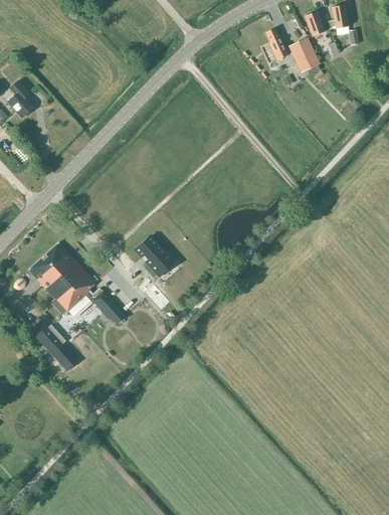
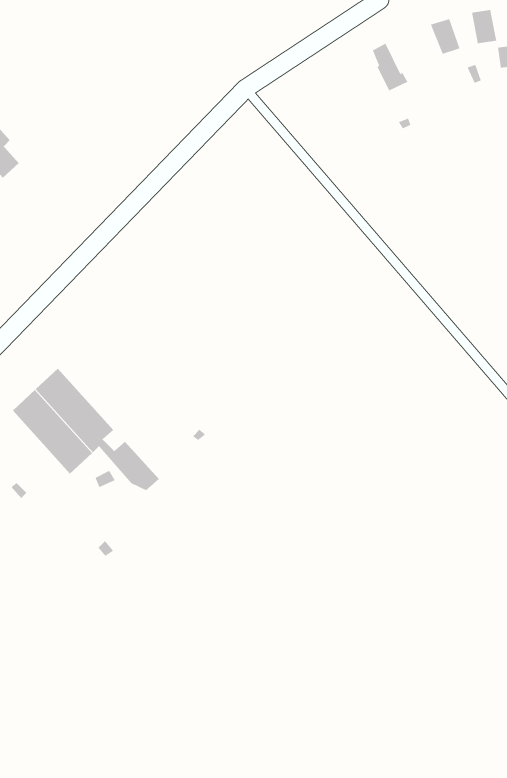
building: [288,39,319,73] -> none
building: [135,236,174,277] -> none
building: [31,325,76,373] -> none

